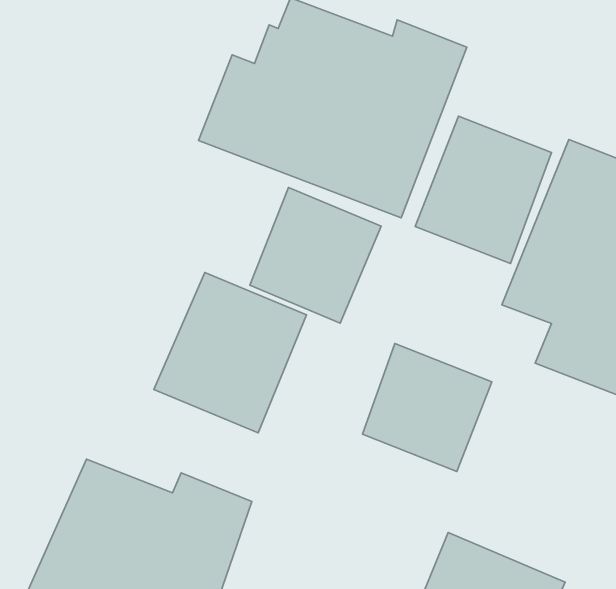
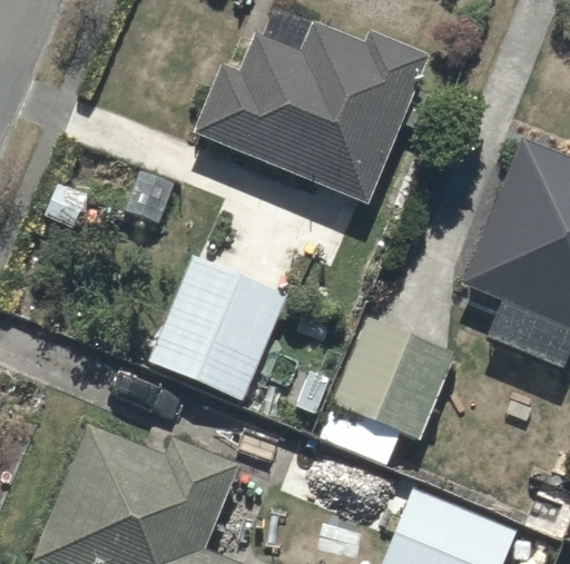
building: [415,116,551,263] -> none
building: [250,188,381,323] -> none

